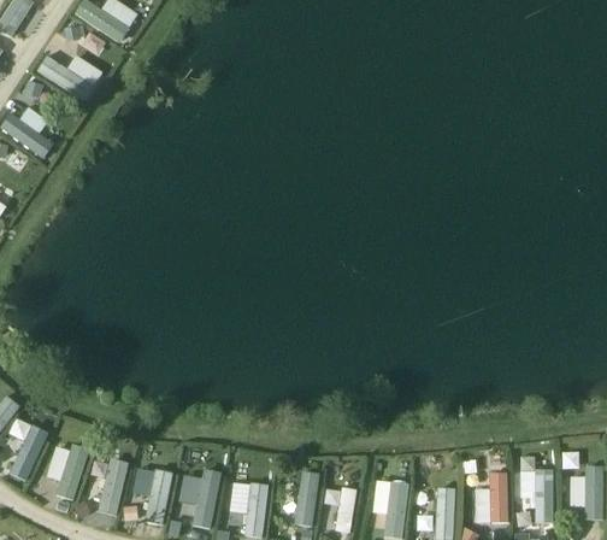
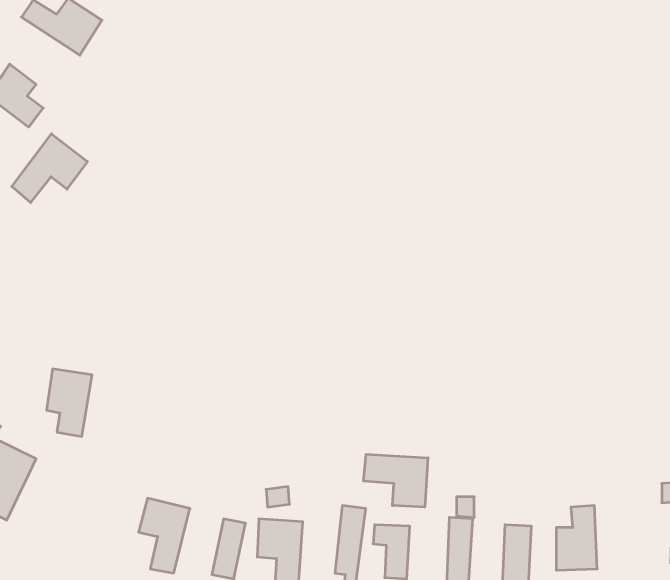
building: none -> [12,134,87,203]
building: none -> [363,454,428,507]
building: [48,445,86,500] -> [47,369,92,436]
building: [96,458,129,515] -> none
building: [519,469,555,522] -> none

